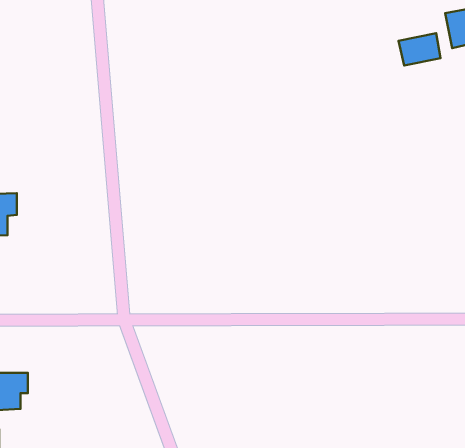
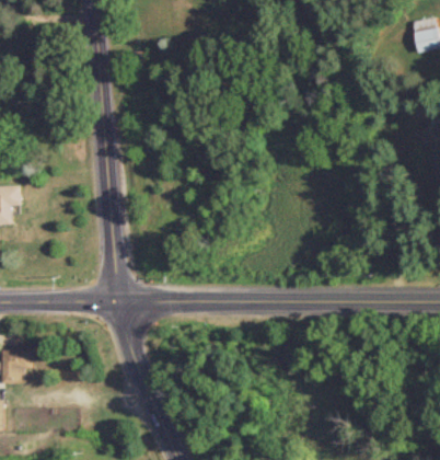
building: [399,33,441,65] -> none

